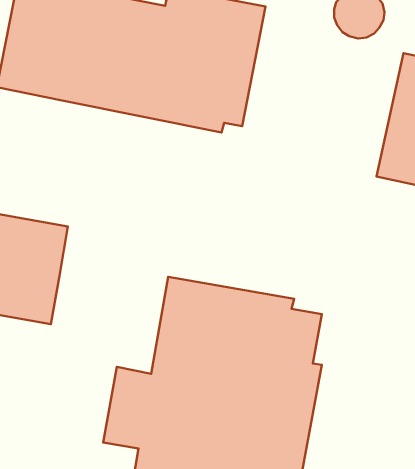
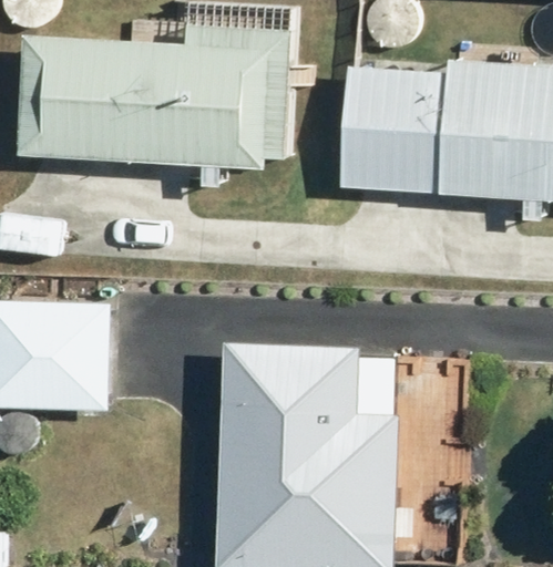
building: none -> [338,68,447,195]

